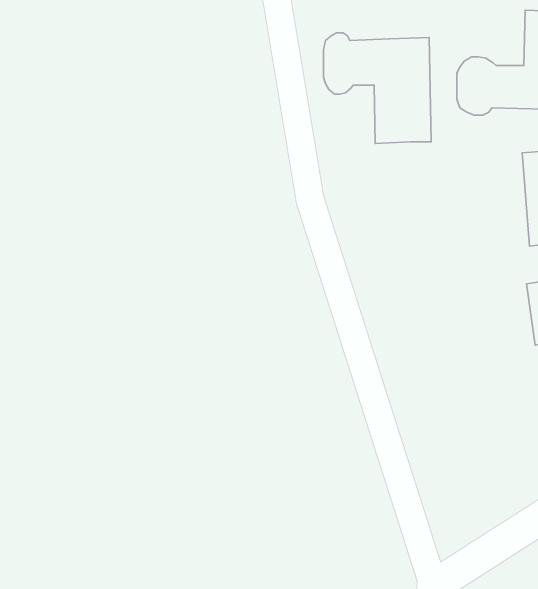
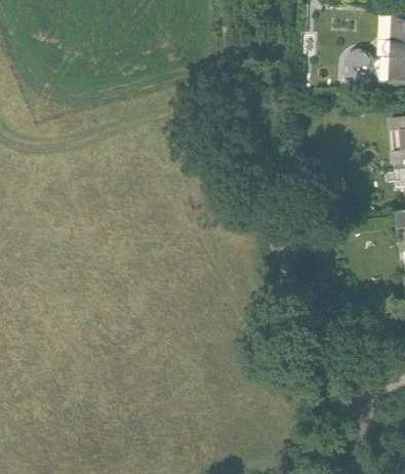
building: [323,33,431,143] -> none

